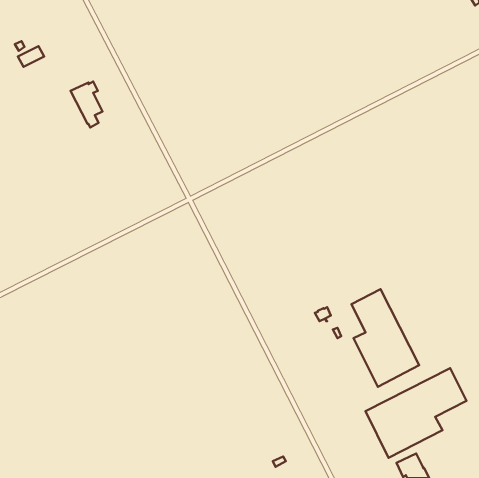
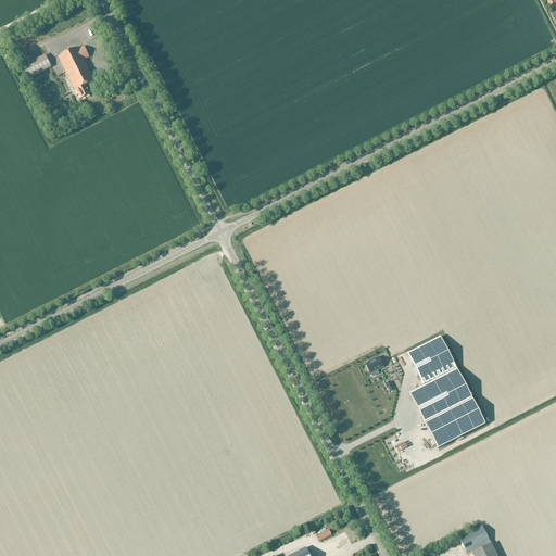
building: [71,81,102,127] -> [58,45,94,98]
building: [366,368,466,458] -> none

